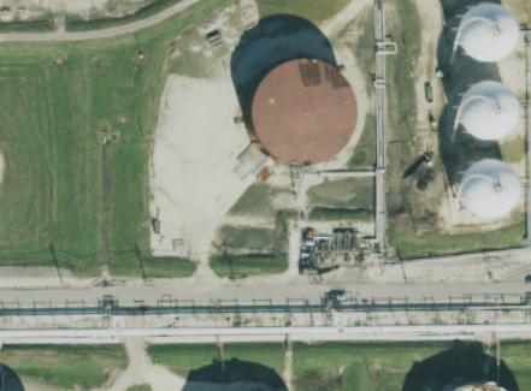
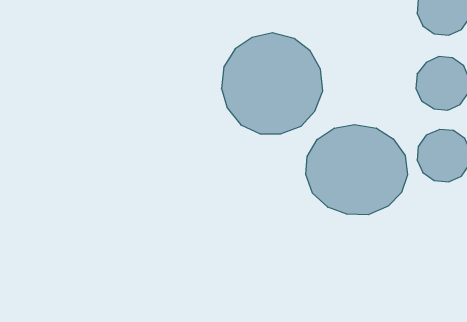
building: none -> [306,125,408,215]

